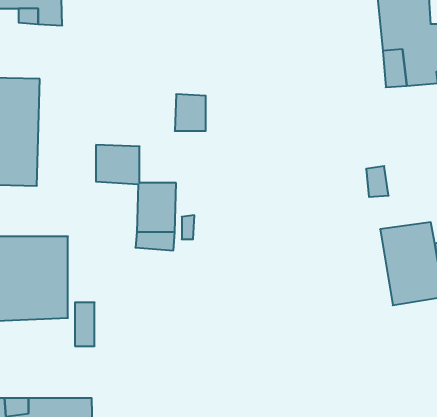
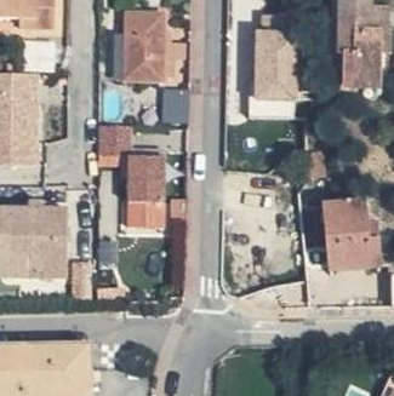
building: none -> [120,10,161,78]
building: none -> [250,24,297,99]

